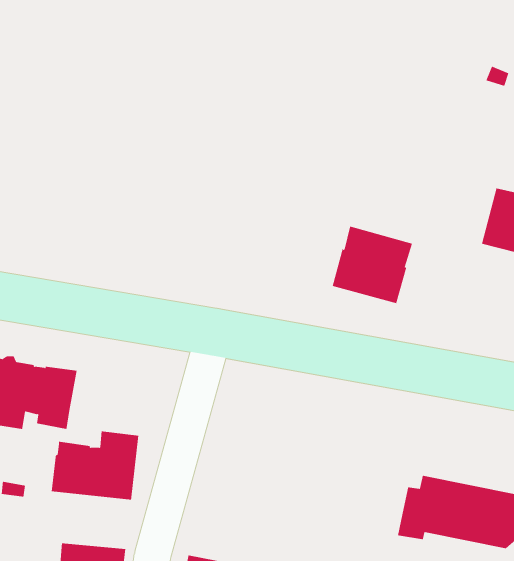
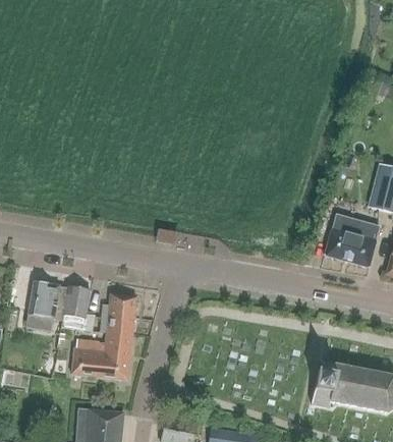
building: [332,226,413,304] -> [324,213,380,267]
building: none -> [100,293,136,334]

